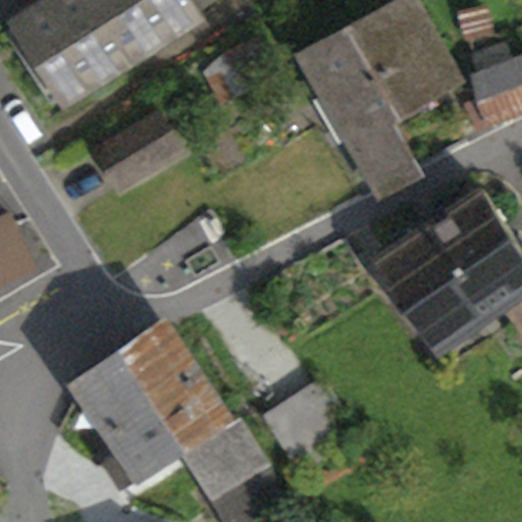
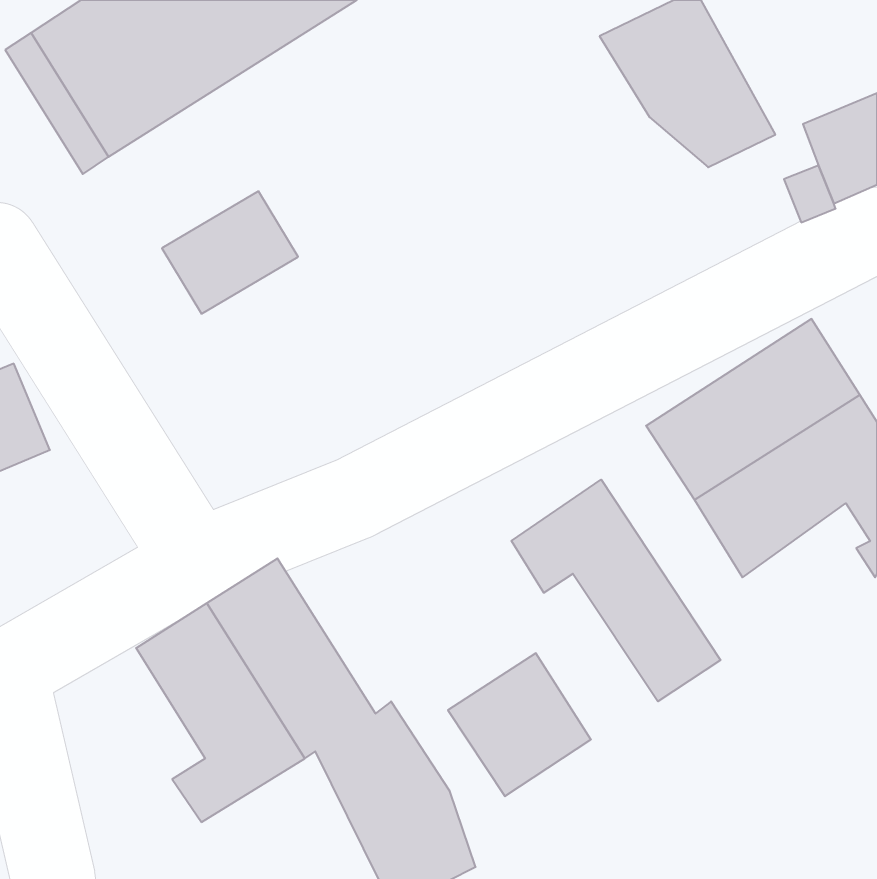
building: [303,22,419,191] -> none
building: none -> [511,480,720,701]

